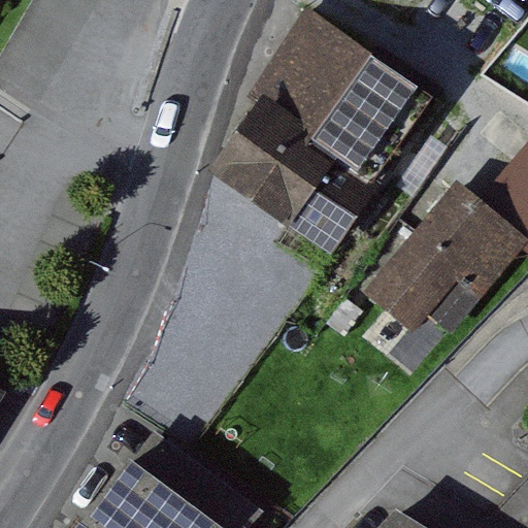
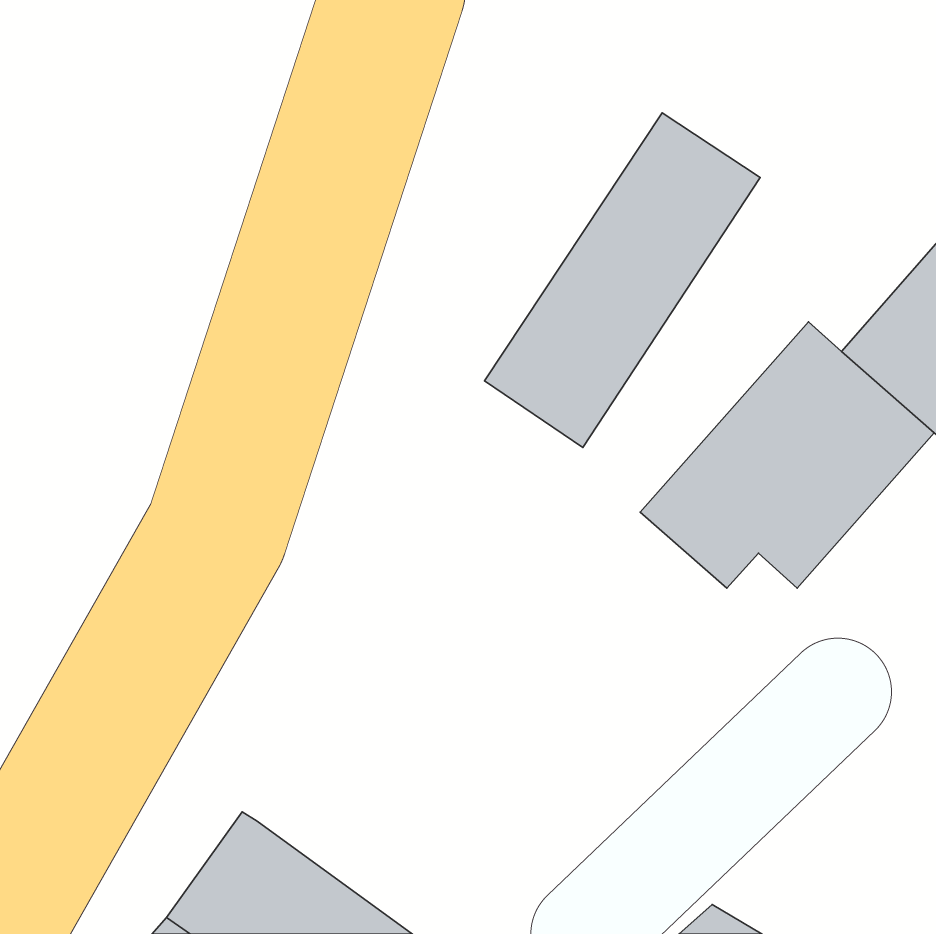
building: [216,15,374,212] -> none

